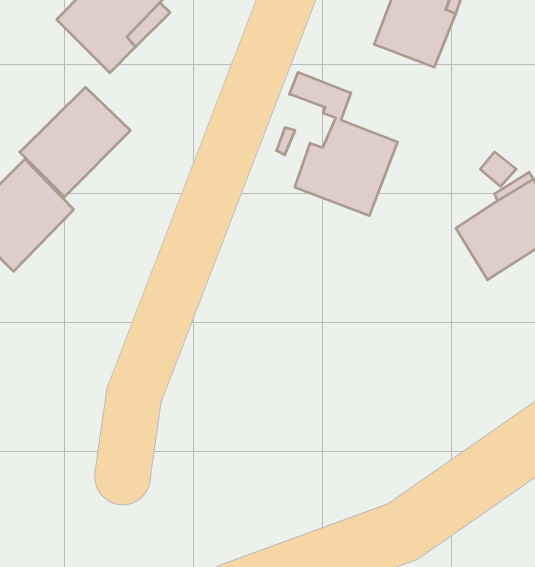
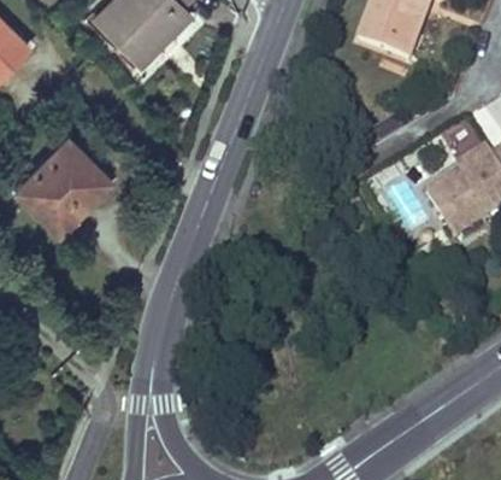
building: [289,72,397,216] -> none
building: [20,87,130,197] -> none

